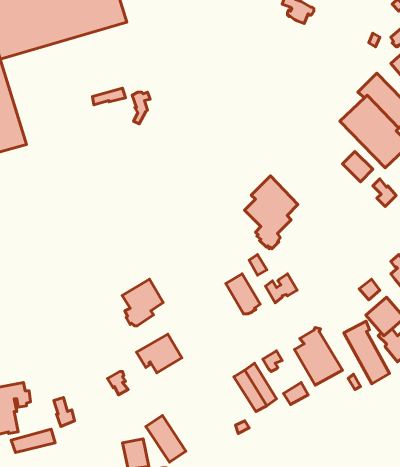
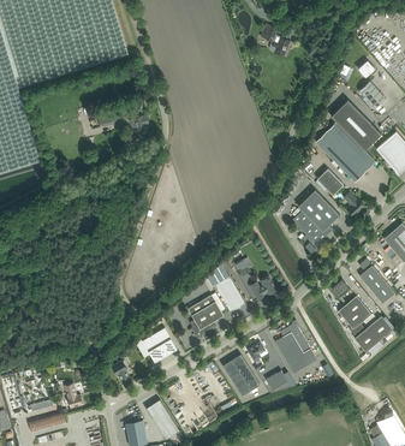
building: [244,176,298,249] -> [292,190,339,254]
building: [122,279,163,326] -> [187,295,224,335]
building: [344,321,390,384] -> none

